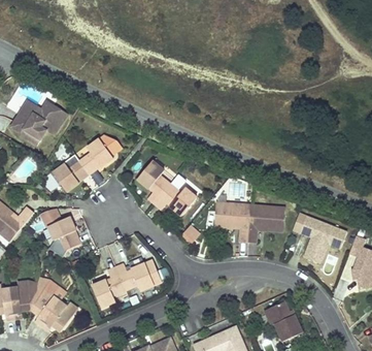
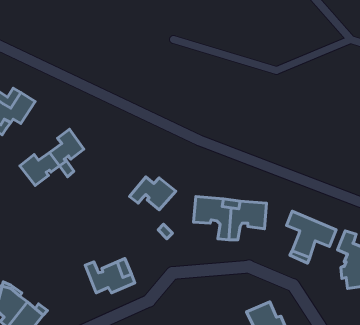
building: [139,161,170,202] -> none
building: [40,205,78,255] -> none
building: [89,266,124,309] -> none

